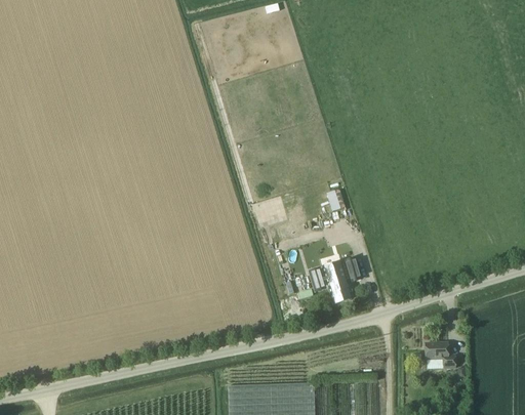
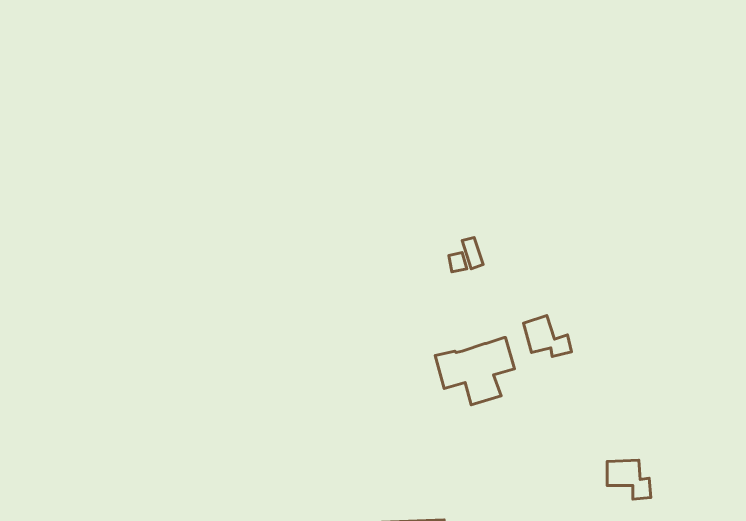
building: none -> [524,316,572,357]

